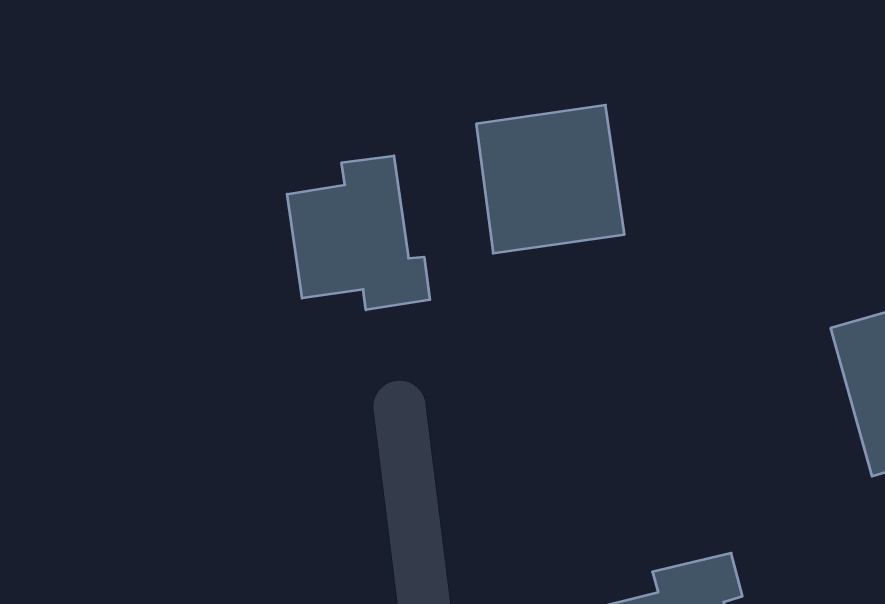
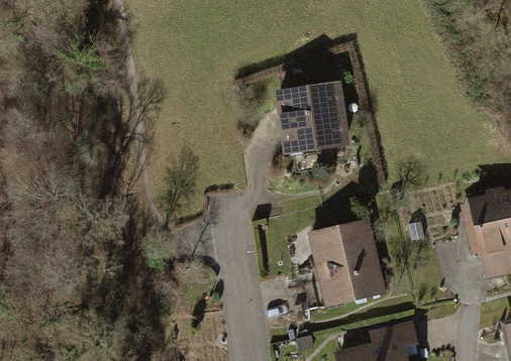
building: [287,156,430,310] -> none
building: none -> [310,219,384,304]

